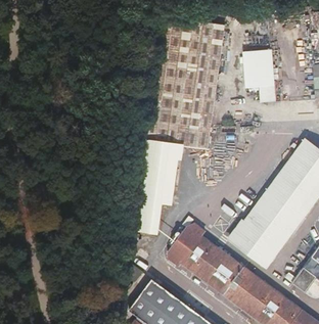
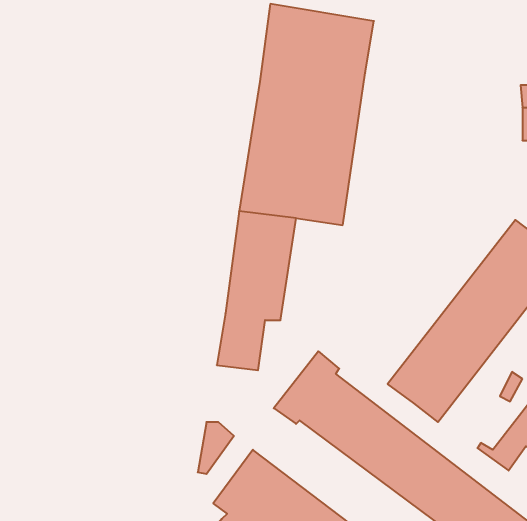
building: [244,51,272,100] -> none

